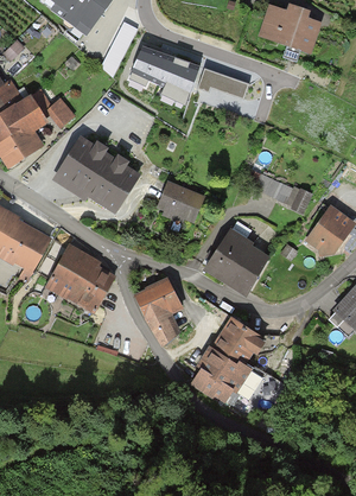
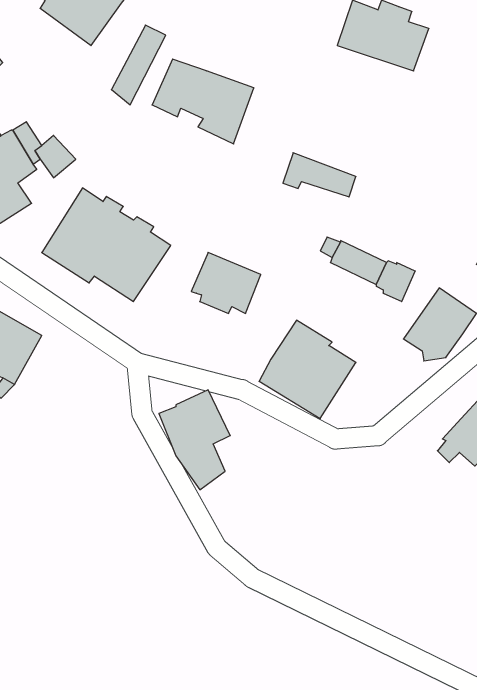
building: [197,66,248,97] -> [283,153,356,197]
building: [44,243,115,316] -> none
building: [189,317,265,406] -> none

